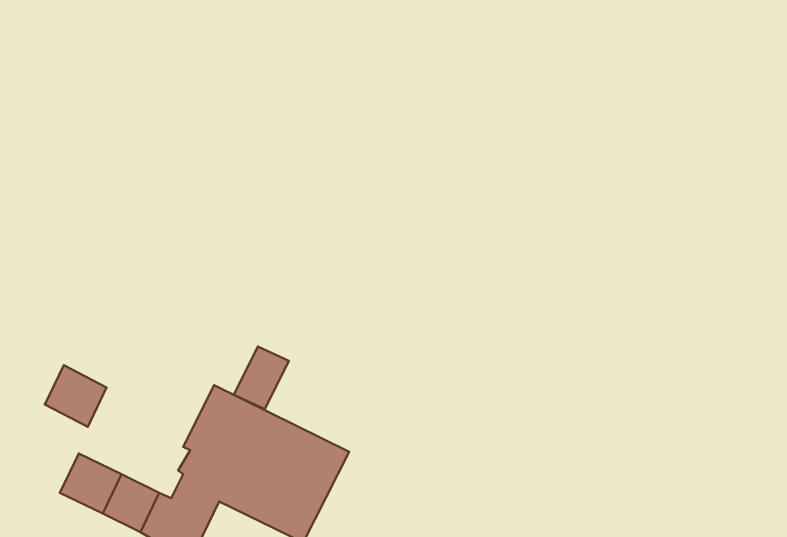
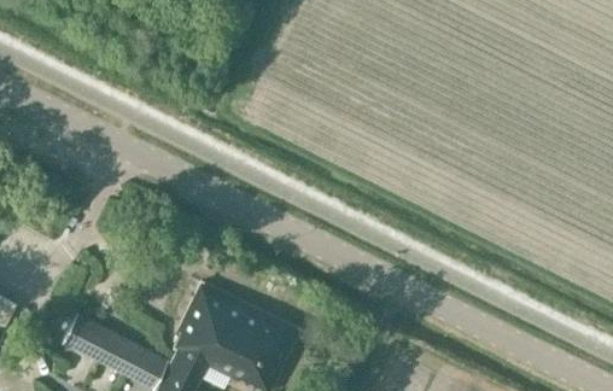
building: [234,347,289,409] -> none
building: [45,365,107,427] -> [60,314,104,357]

